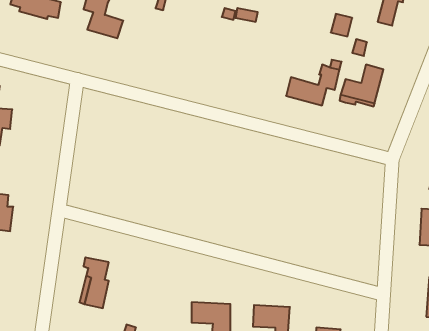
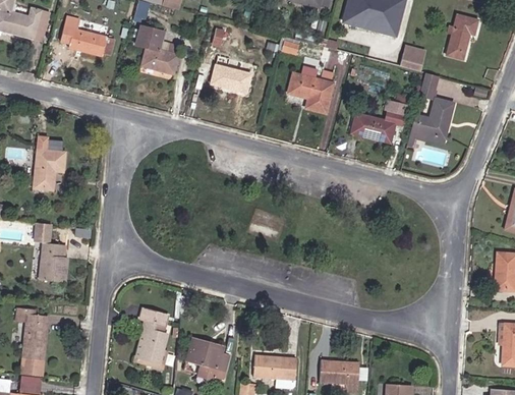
building: none -> [213,67,253,97]
building: none -> [289,67,334,118]
building: none -> [187,336,229,375]

